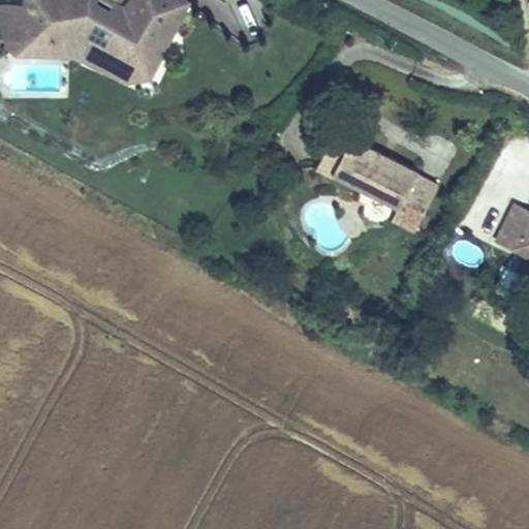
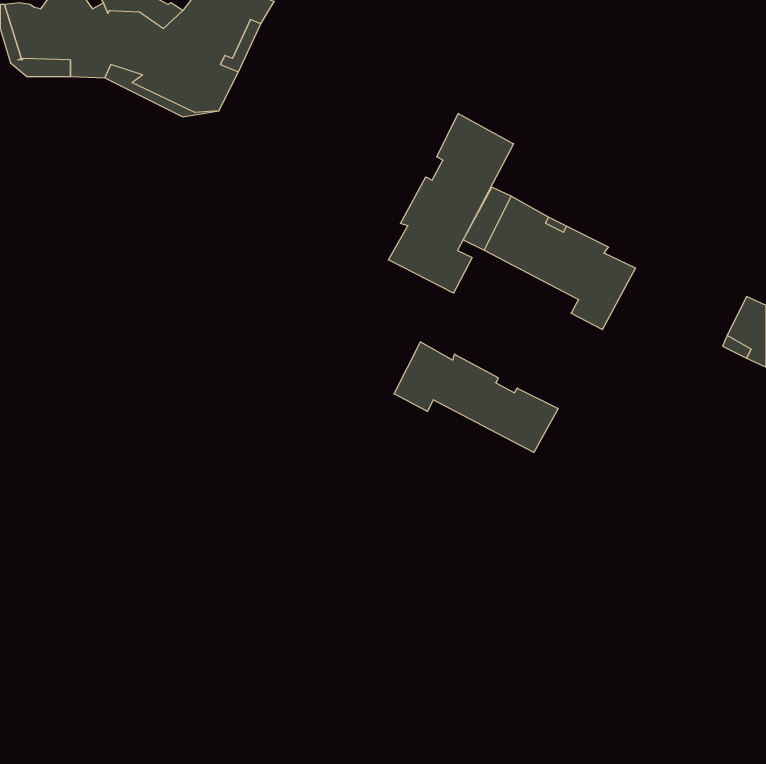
building: none -> [388,113,514,293]
building: none -> [394,342,558,452]

